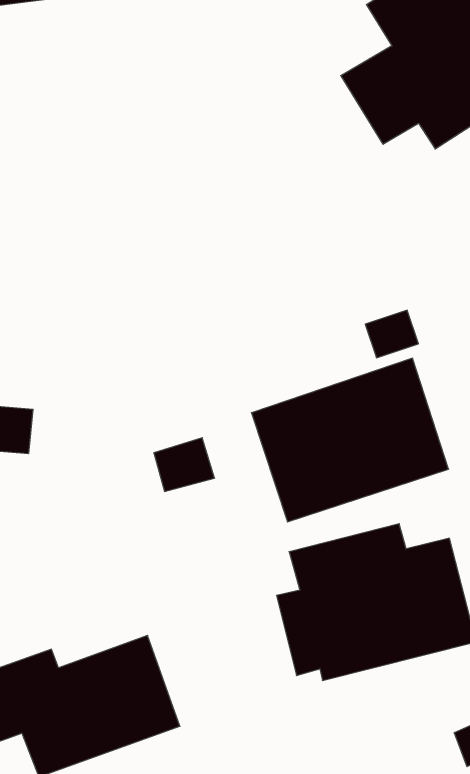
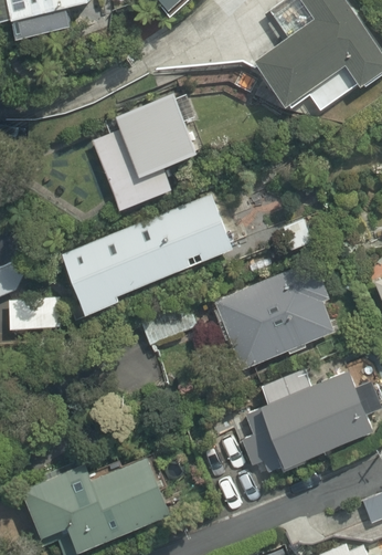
building: none -> [86,92,200,216]
building: none -> [55,192,236,322]

